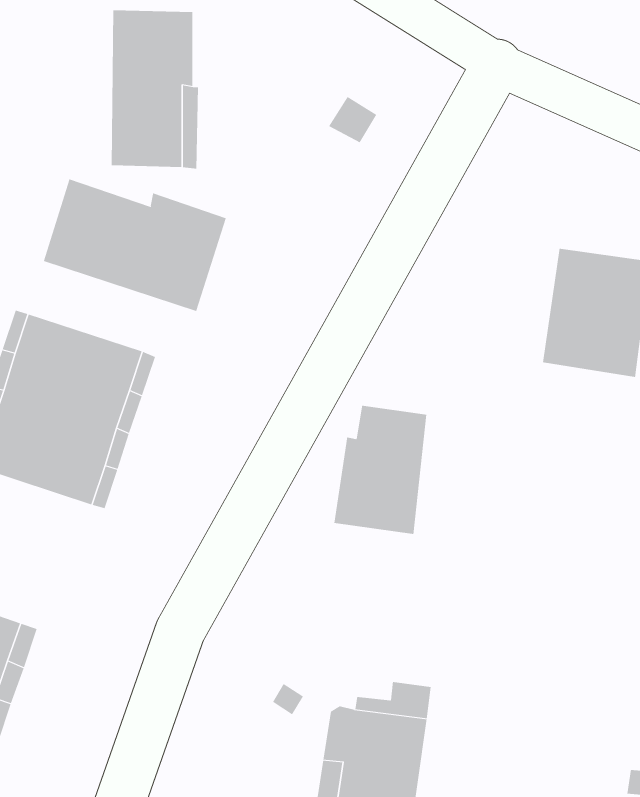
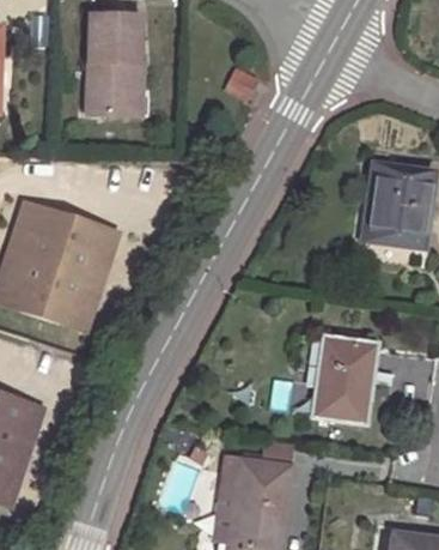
building: [43,178,226,312] -> none
building: [333,405,427,534] -> [313,338,373,421]

